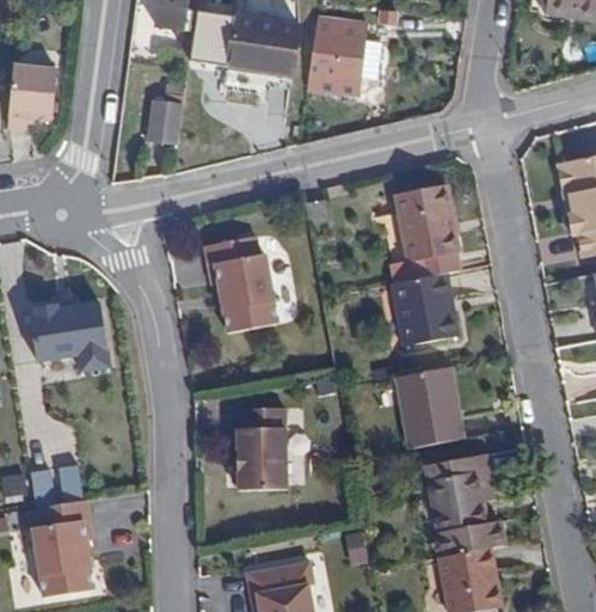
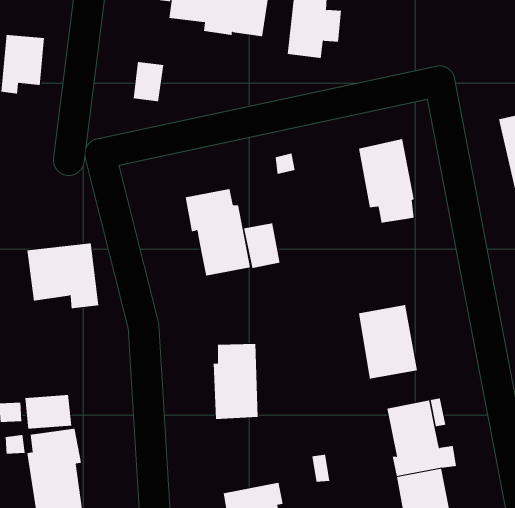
building: [393,273,457,345] -> none
building: none -> [243,222,280,269]

